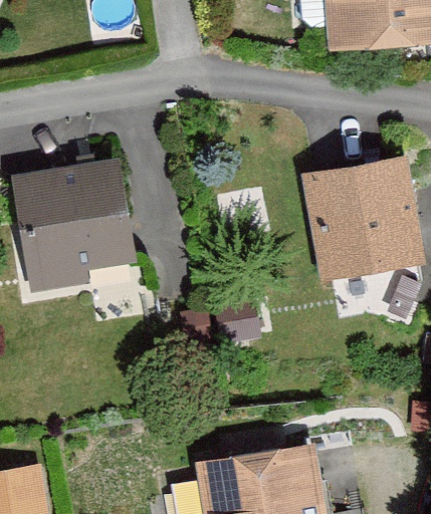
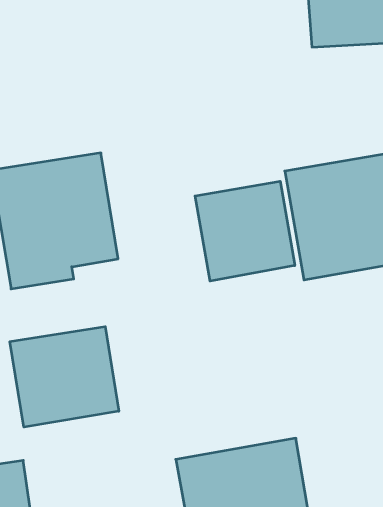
building: none -> [195,181,295,281]
building: none -> [10,327,119,427]

